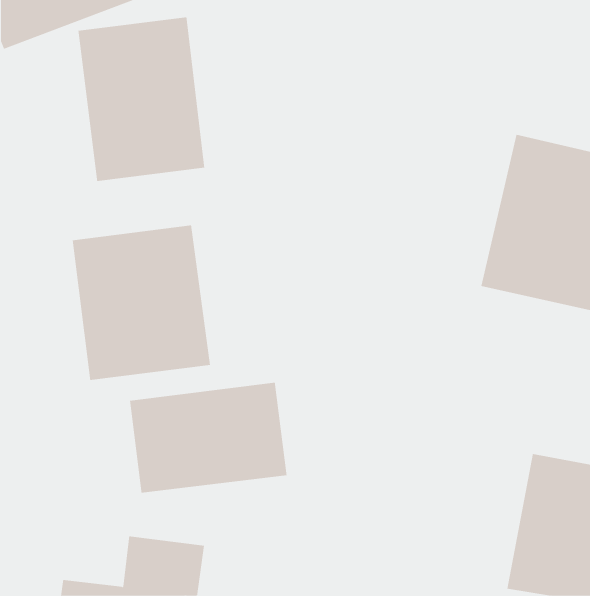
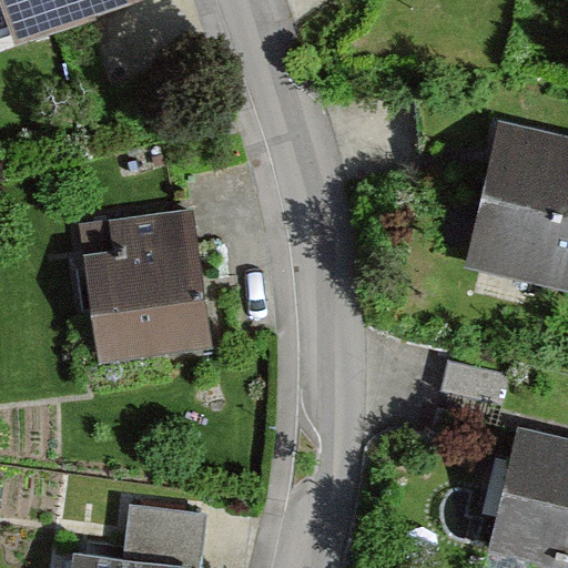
building: [78,16,205,182] -> none
building: [130,382,287,493] -> none

